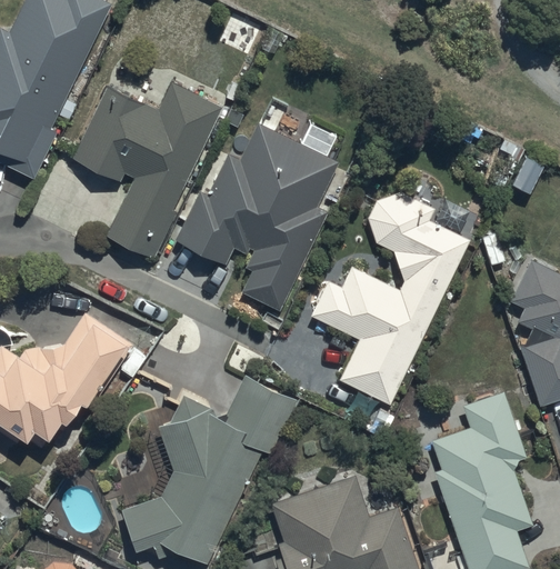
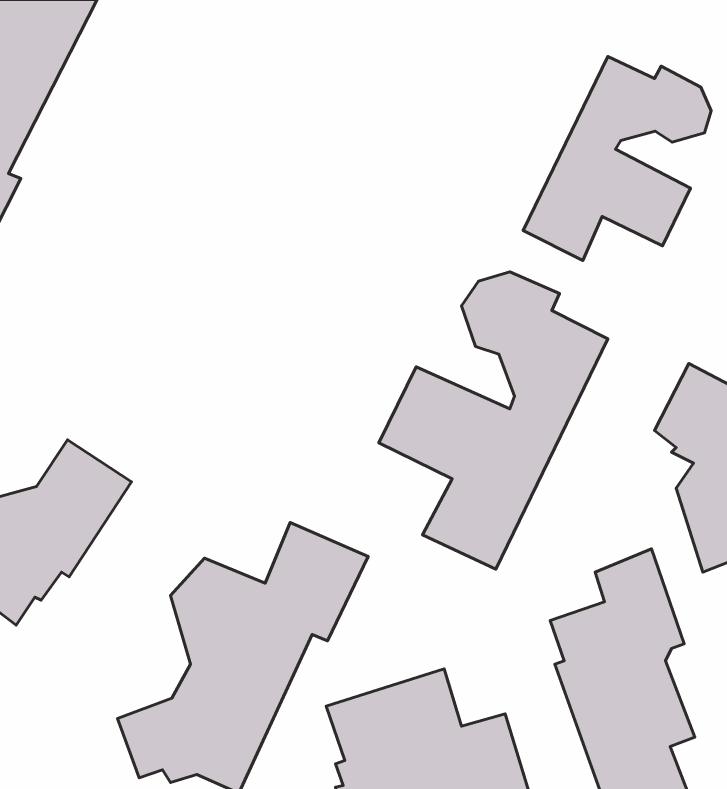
building: none -> [523,56,711,260]
building: [70,80,222,260] -> none
building: [177,119,340,308] -> none

